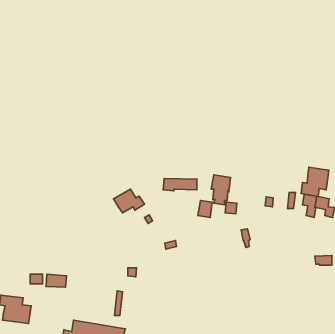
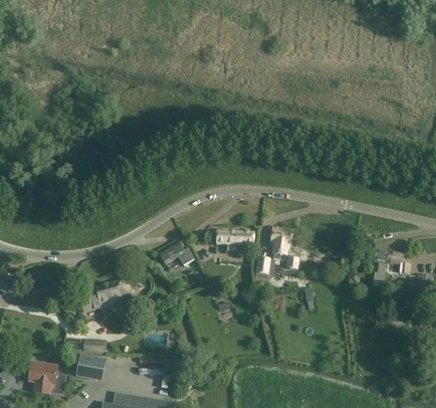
building: [301,167,329,196] -> none
building: none -> [80,278,131,312]
building: none -> [76,356,103,380]

